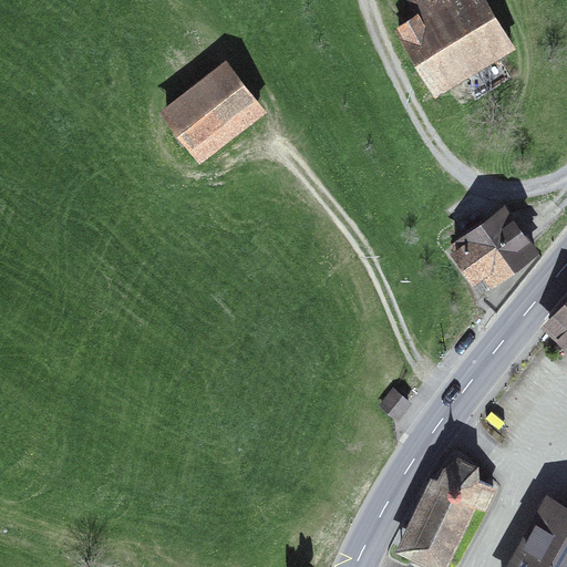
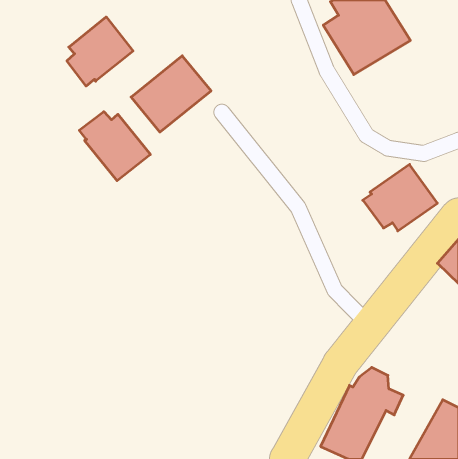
building: none -> [67,17,133,86]
building: none -> [79,112,150,181]

